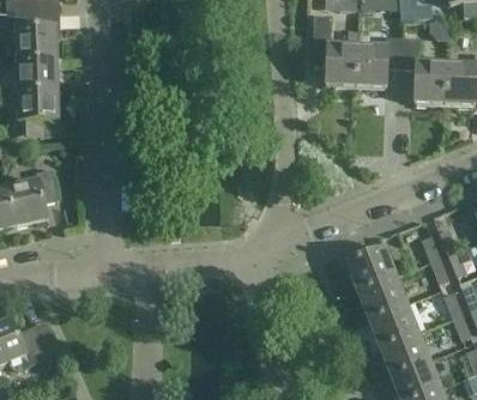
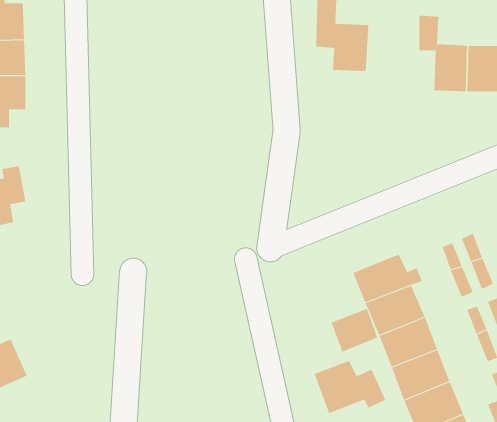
building: [355,36,400,86] -> none
building: none -> [331,308,378,353]
building: none -> [314,360,386,414]

